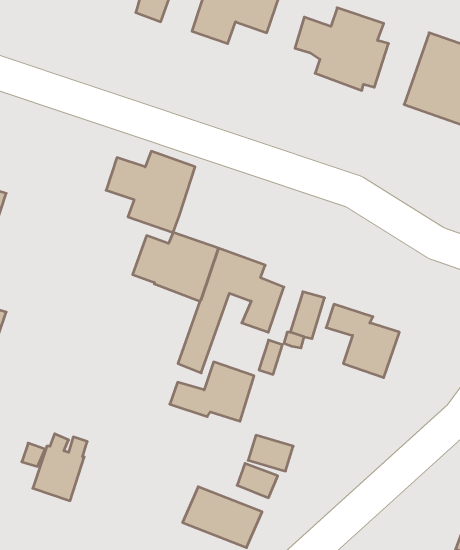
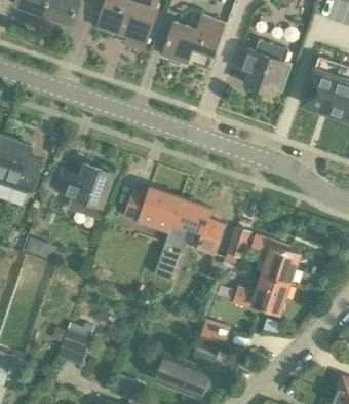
building: [106,151,195,232] -> [53,163,112,217]
building: [170,362,254,421] -> [233,273,288,313]

